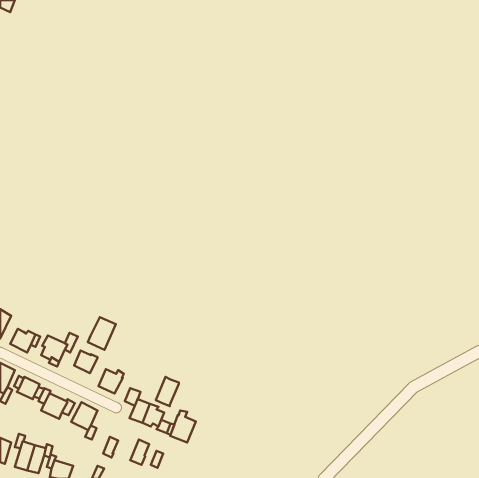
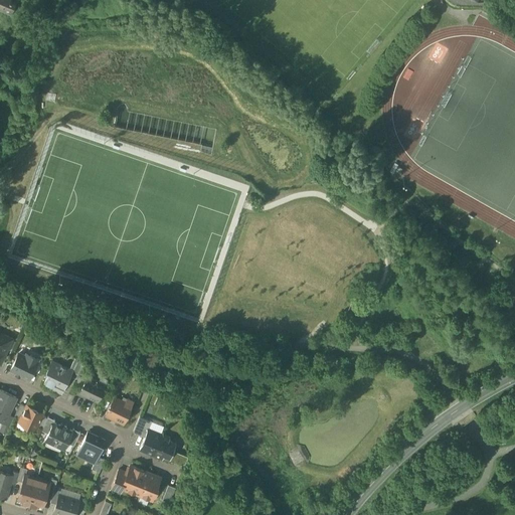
building: [88,317,116,350] -> none
building: [156,377,179,406] -> none
building: [170,411,196,443] -> none
building: none -> [121,466,149,493]

